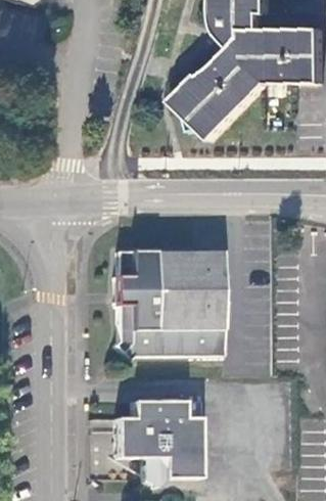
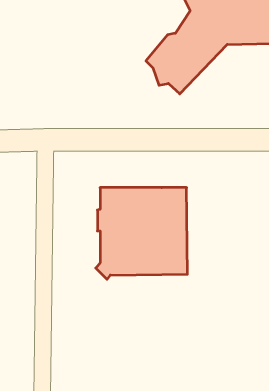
building: [115,399,199,487] -> none

